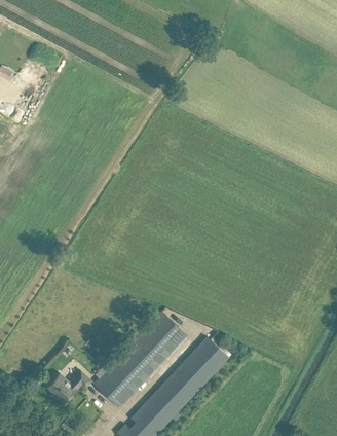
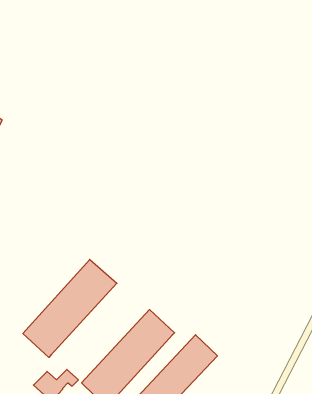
building: none -> [23,259,117,357]

